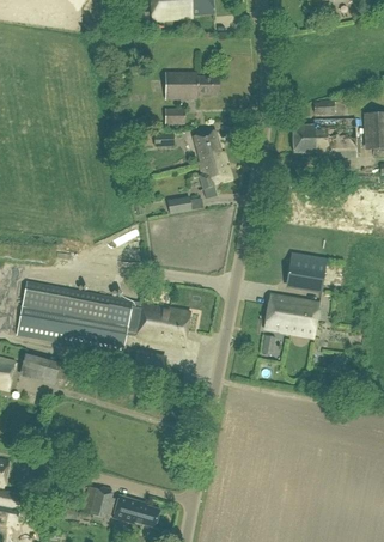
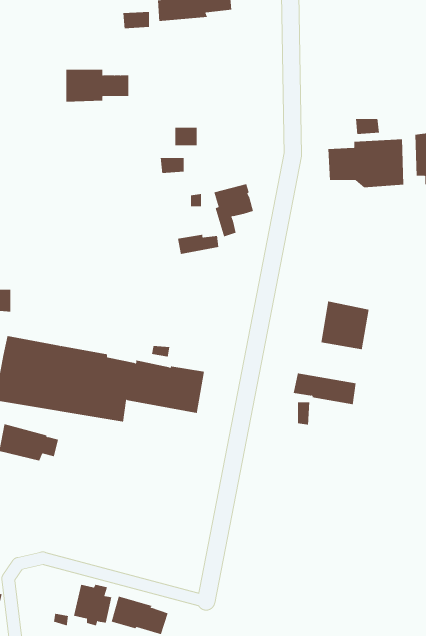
building: [165,72,218,99] -> [65,69,129,102]
building: [193,130,225,162] -> none
building: [267,293,319,319] -> none

